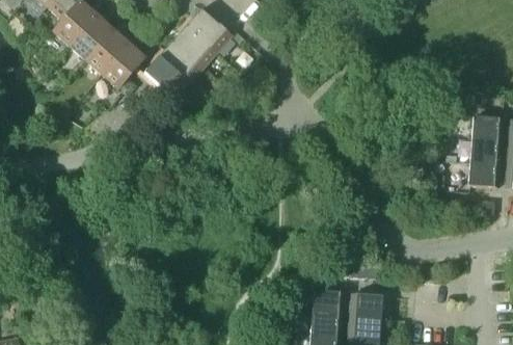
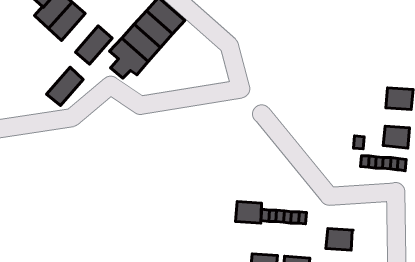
building: [85,27,129,73] -> [47,67,83,106]
building: [469,139,501,163] -> none
building: [312,289,343,315] -> [235,201,262,223]
building: [350,292,382,318] -> [326,228,353,250]

